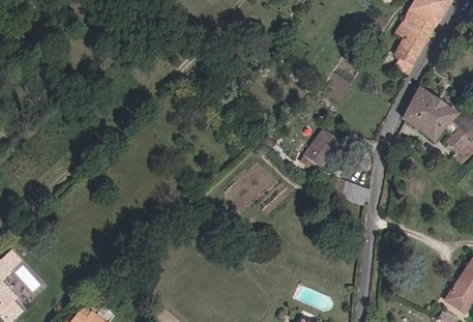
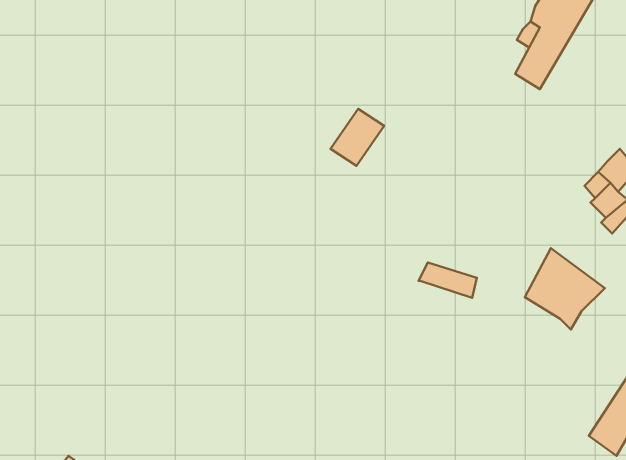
building: [403,85,456,140] -> [525,248,605,330]
building: [303,128,339,167] -> [330,109,384,166]

